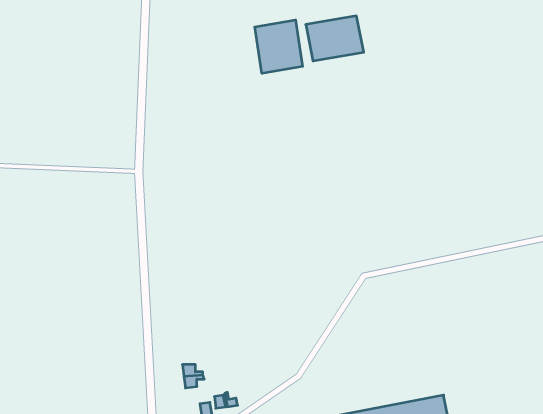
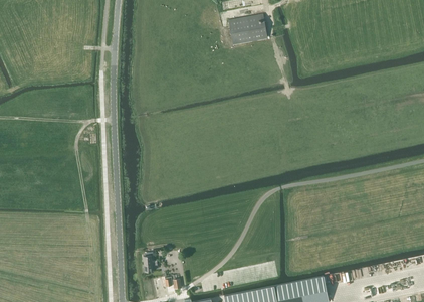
building: [255,20,303,73] -> none

